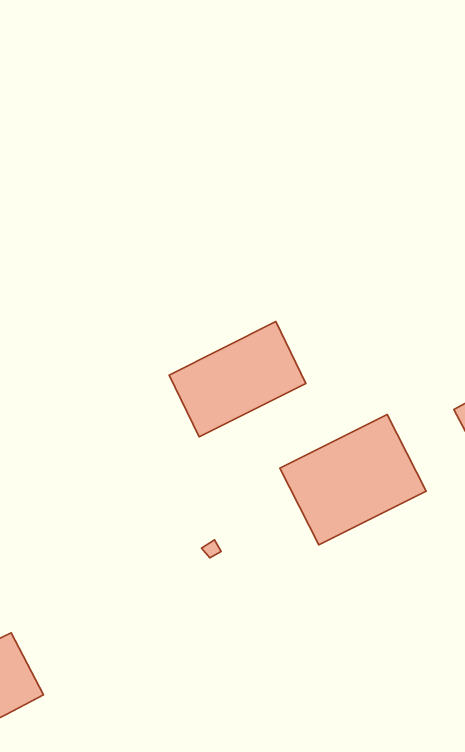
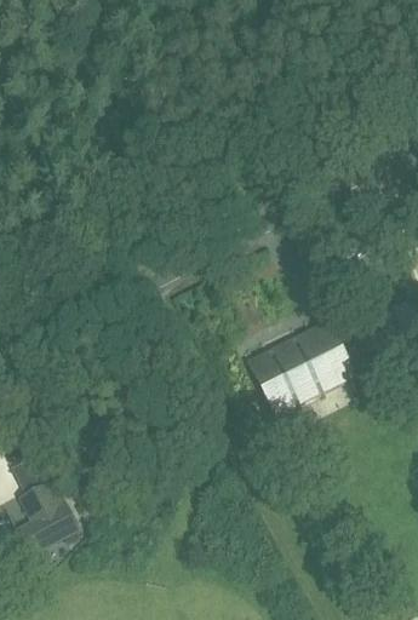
building: [169,322,306,437] -> none

